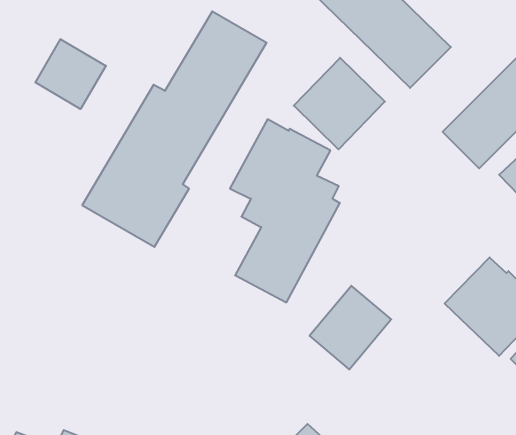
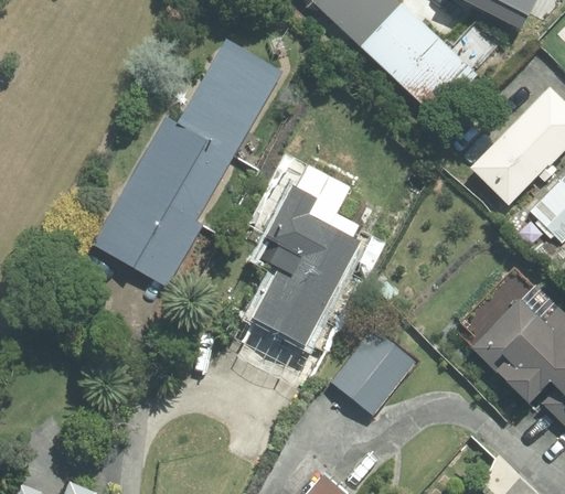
building: [35,39,106,109] -> none
building: [294,58,385,149] -> none

